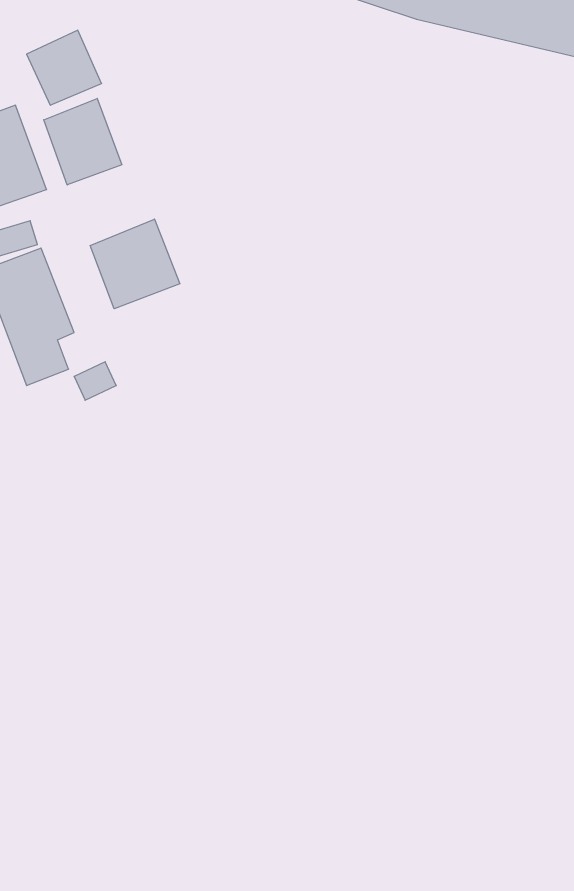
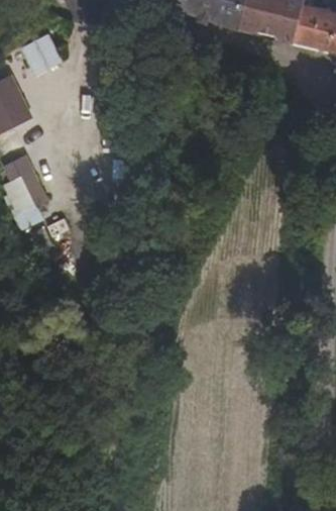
building: [44,98,122,185] -> none
building: [90,219,180,309] -> none

